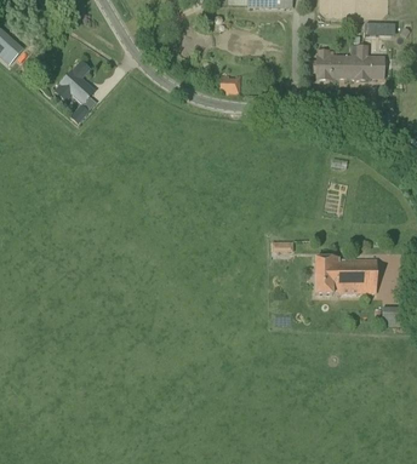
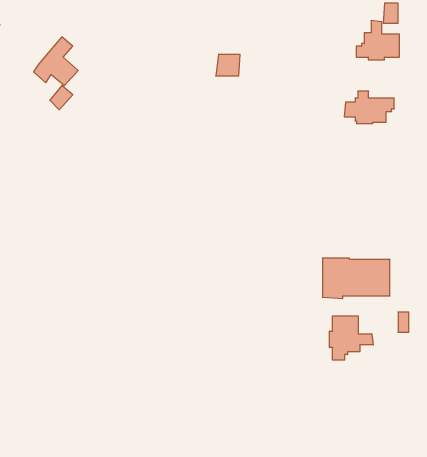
building: [308,48,353,78] -> [344,91,394,124]
building: none -> [330,316,373,360]

